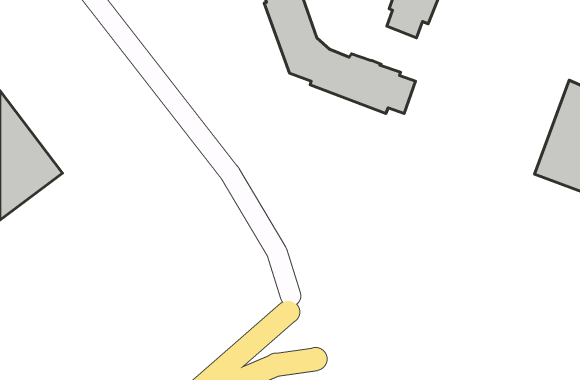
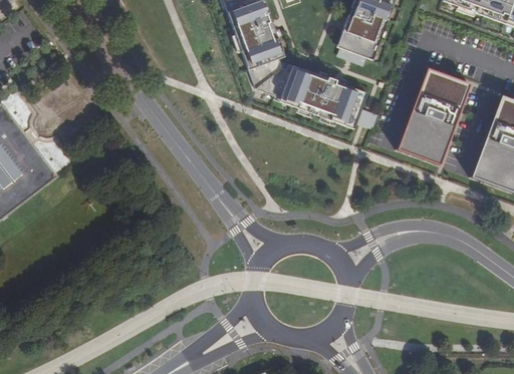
building: none -> [397,66,470,163]

